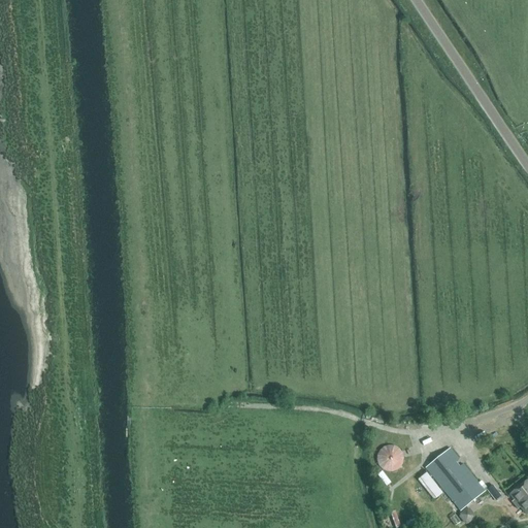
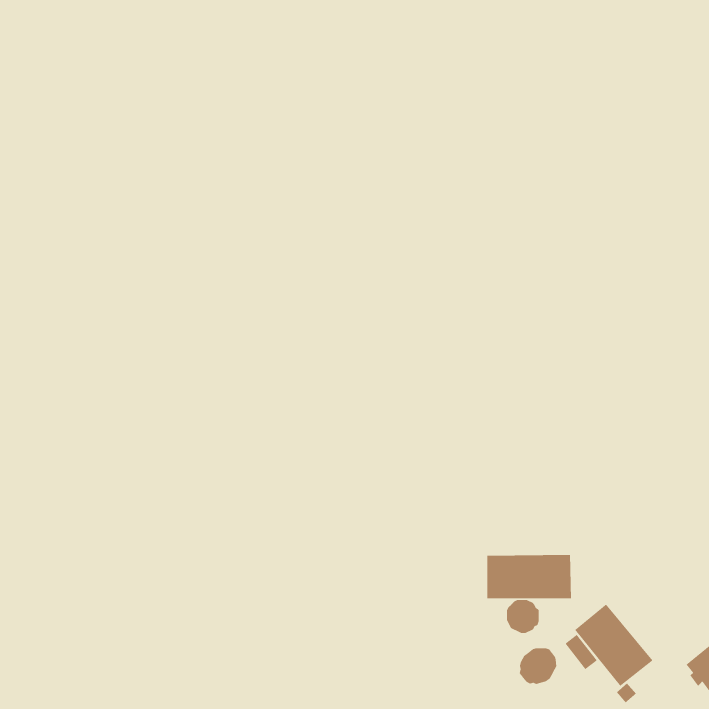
building: none -> [487,554,572,599]
building: none -> [519,647,557,685]

